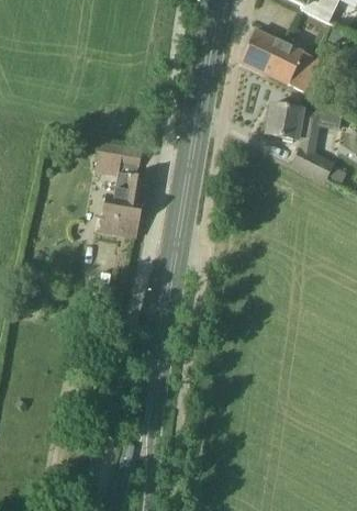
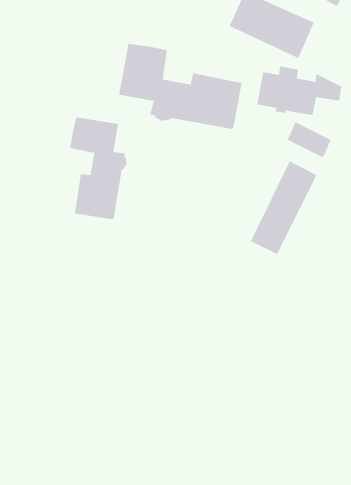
building: none -> [118,43,242,130]
building: none -> [250,160,317,255]

